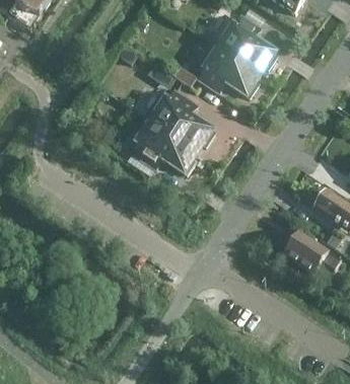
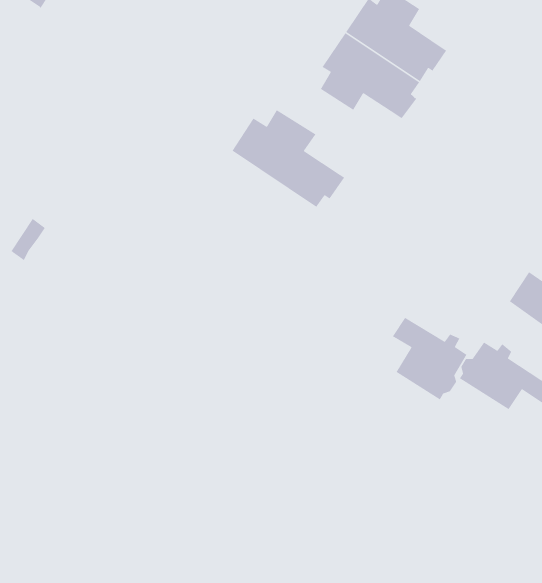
building: [132,116,197,173] -> none
building: none -> [392,317,468,400]

